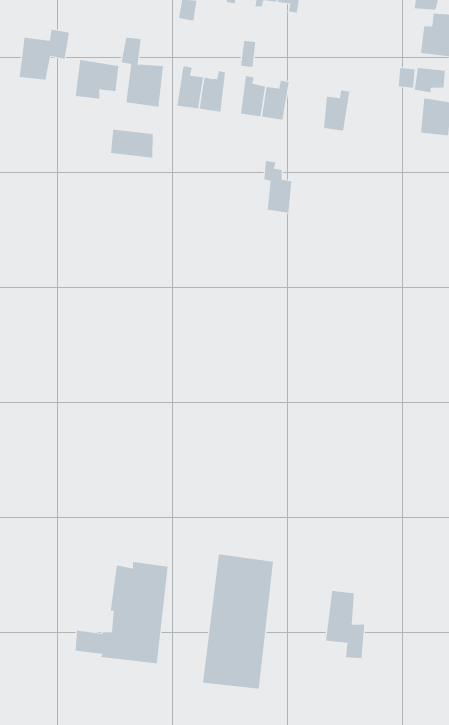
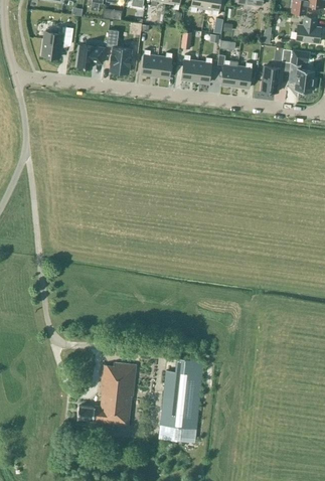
building: none -> [260,64,283,95]
building: [110,129,153,158] -> none
building: [264,160,292,213] -> [217,54,235,88]
building: [325,590,365,659] -> none

